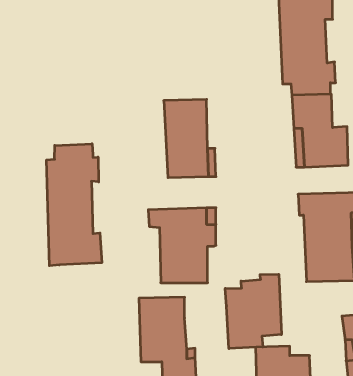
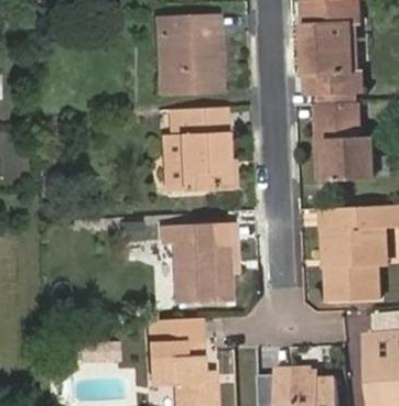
building: none -> [157,14,219,91]
building: [47,144,102,266] -> none
building: [225,274,281,349] -> none

